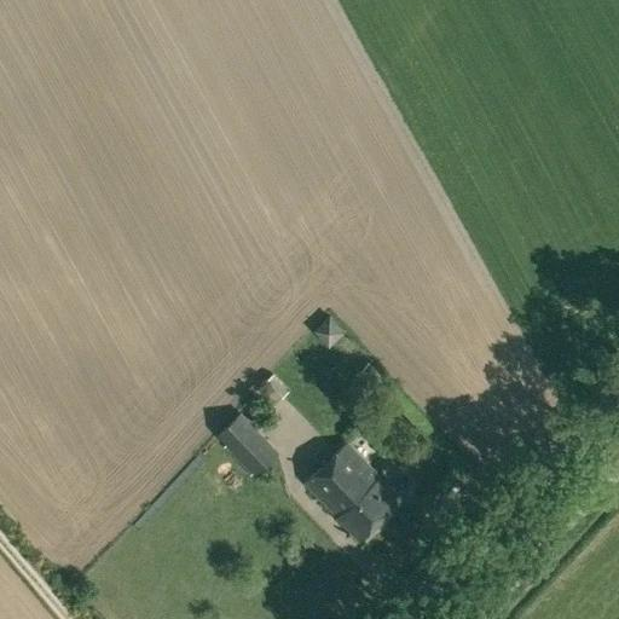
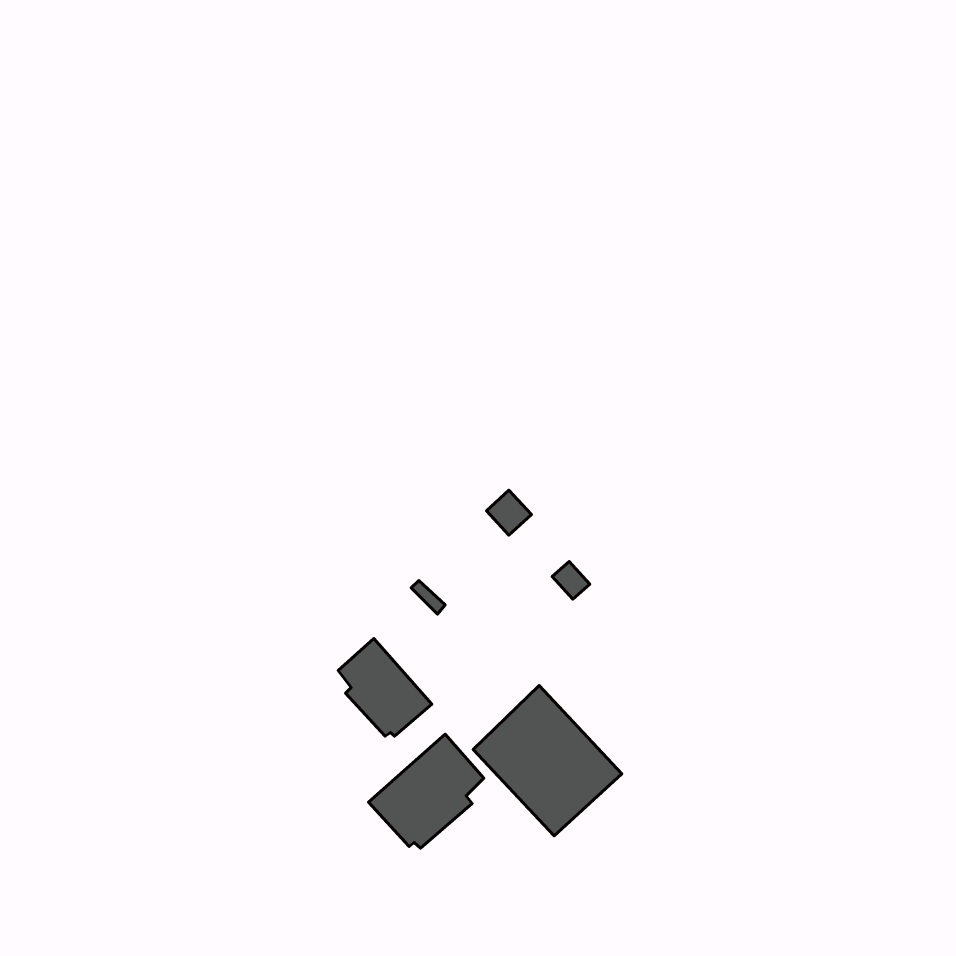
building: none -> [368,734,484,848]

